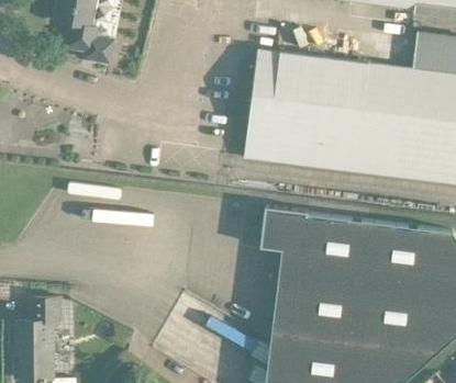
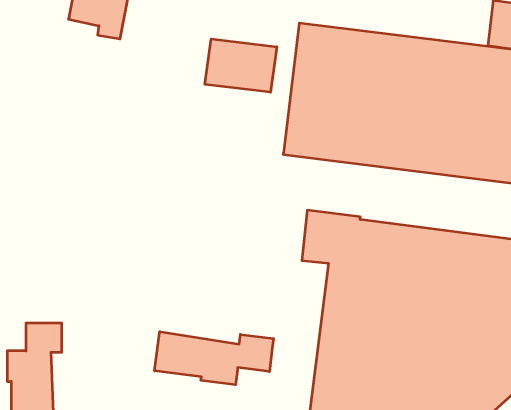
building: none -> [205,39,277,92]
building: none -> [155,332,274,385]

